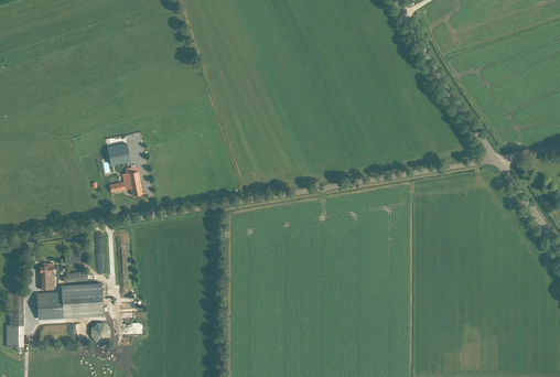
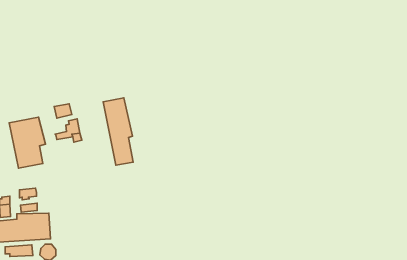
building: none -> [103,98,133,165]
building: none -> [9,117,46,168]

